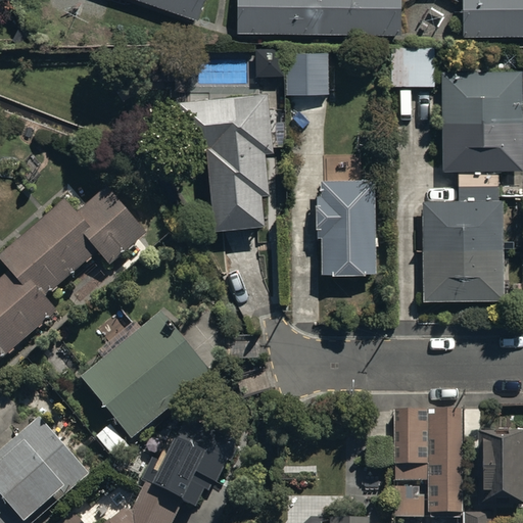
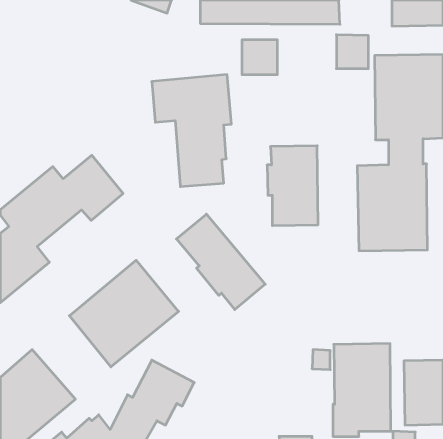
building: none -> [176,214,265,310]

